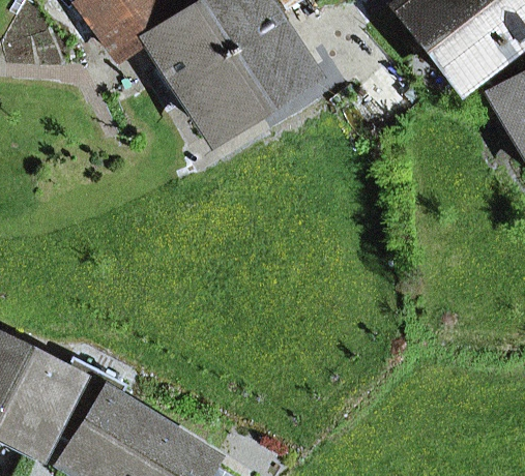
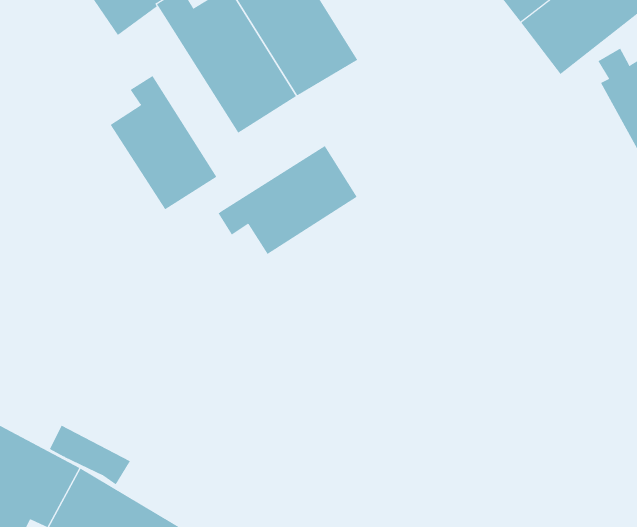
building: none -> [110,75,217,210]
building: none -> [218,145,357,255]

